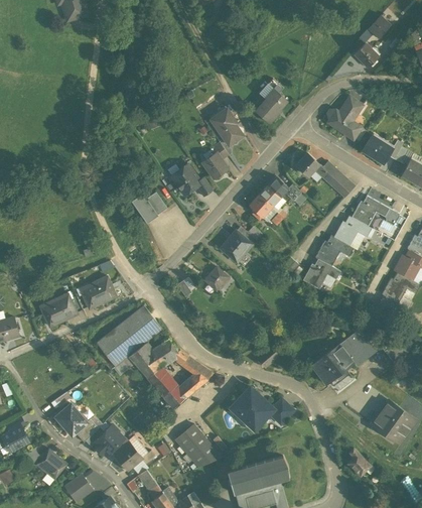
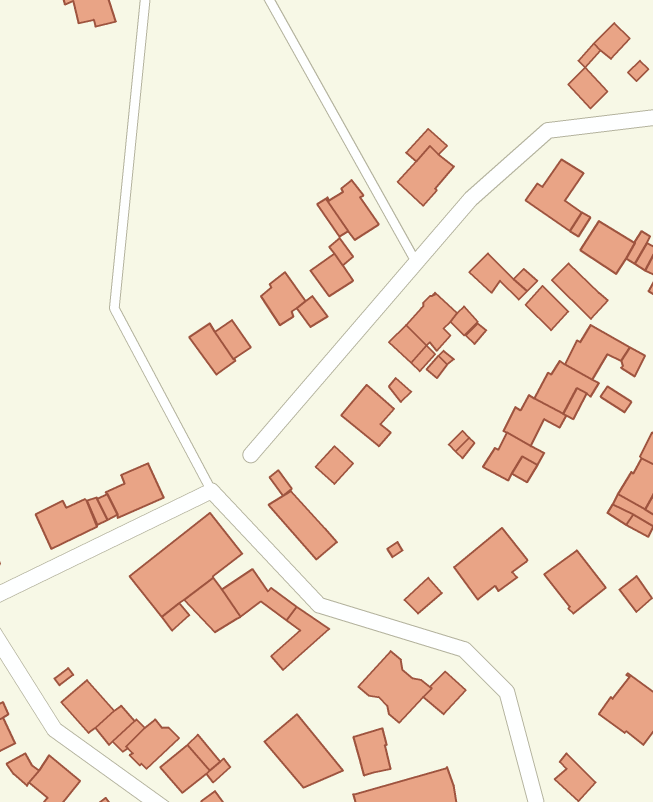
building: none -> [552,263,608,319]
building: [311,342,355,384] -> [454,528,527,600]
building: [145,368,185,408] -> [269,491,337,559]
building: none -> [354,728,390,776]

